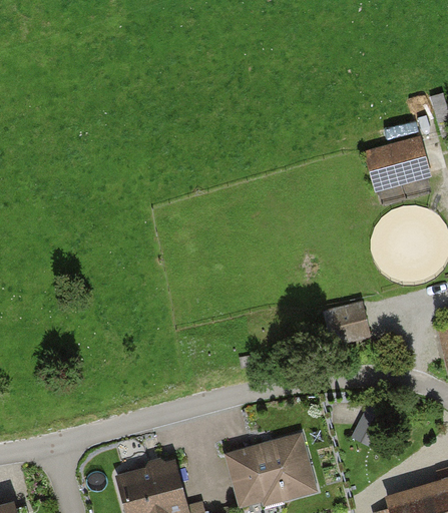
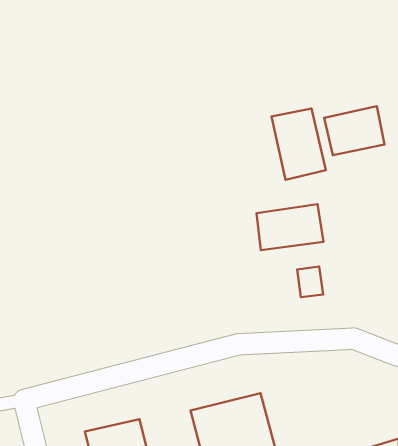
building: none -> [272,109,326,180]
building: none -> [256,204,324,250]

